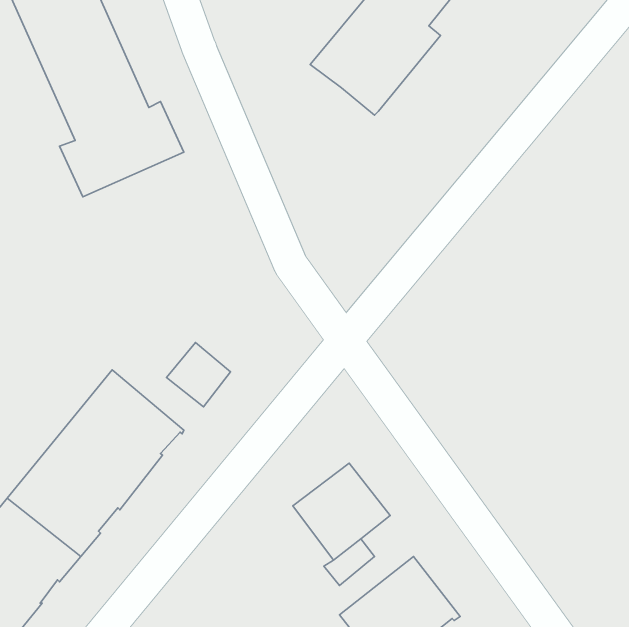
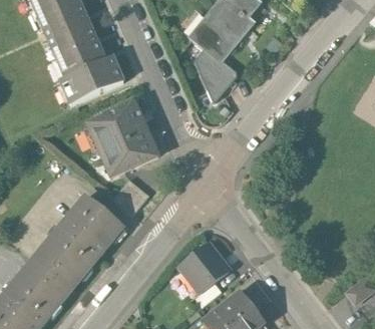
building: none -> [195,48,238,101]
building: none -> [89,101,159,176]

